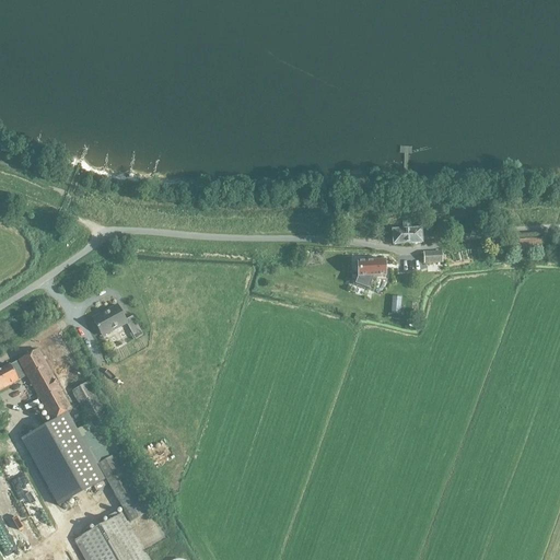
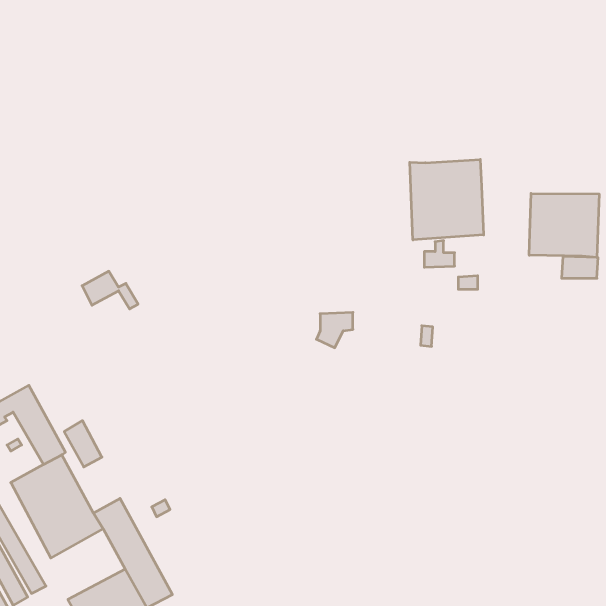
building: none -> [410,159,484,240]
building: none -> [529,193,599,258]
building: [353,258,386,290] -> [316,312,353,348]
building: [91,304,141,338] -> [82,271,138,309]

